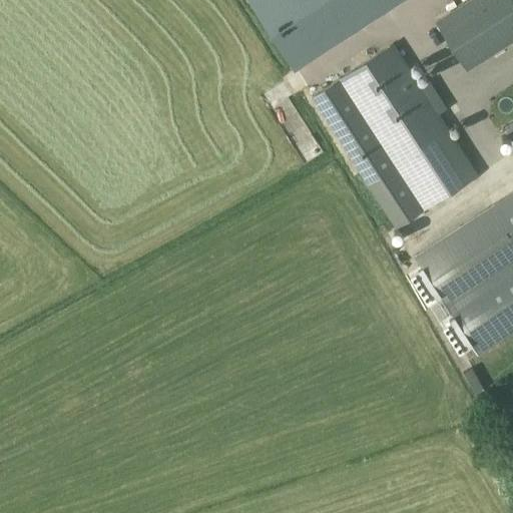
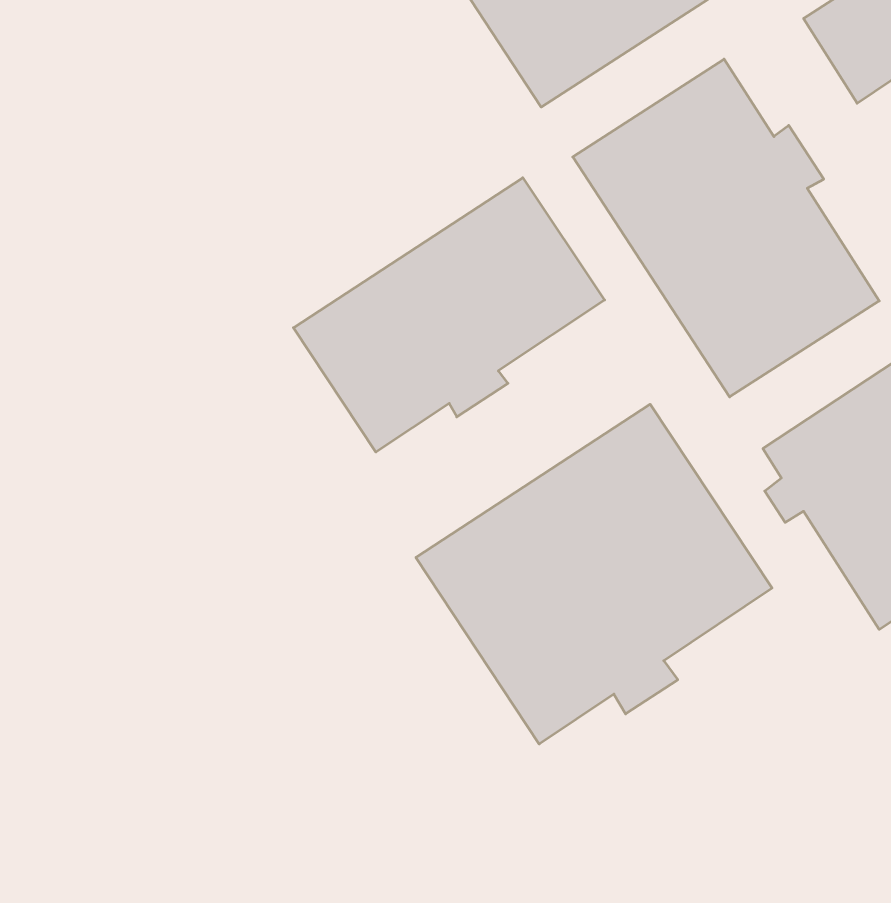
building: none -> [293,178,605,452]
building: none -> [416,404,772,744]

